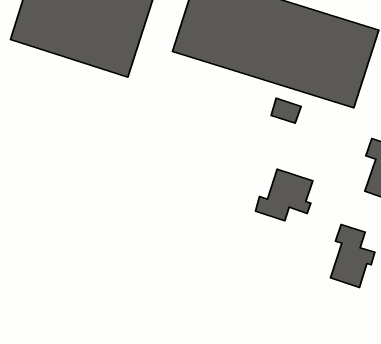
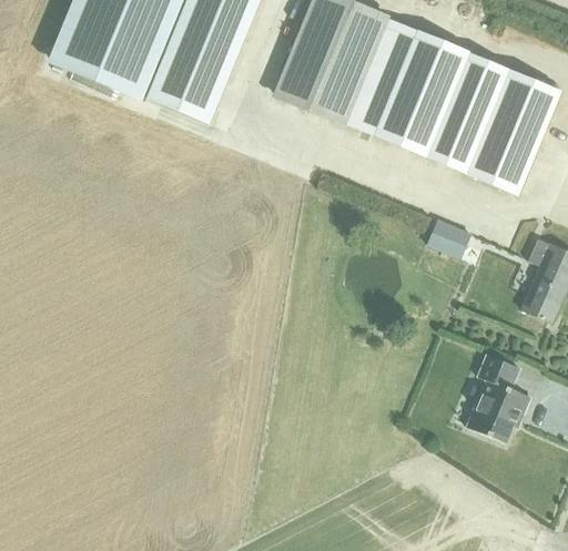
building: [271,98,301,123] -> [426,217,468,254]
building: [255,169,313,221] -> none

